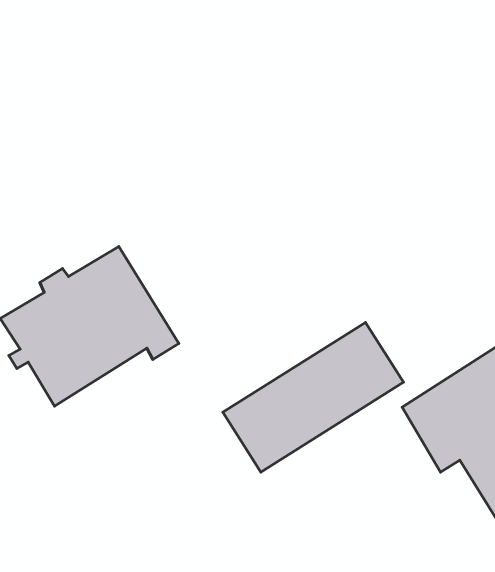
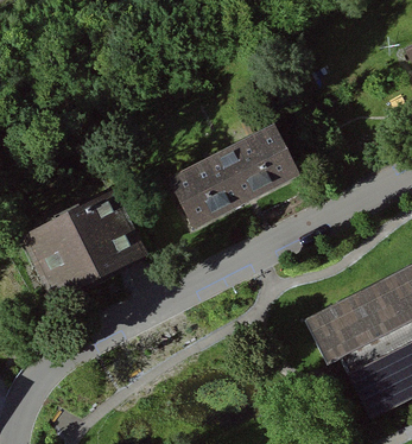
building: [223,322,404,472] -> [171,125,298,222]

